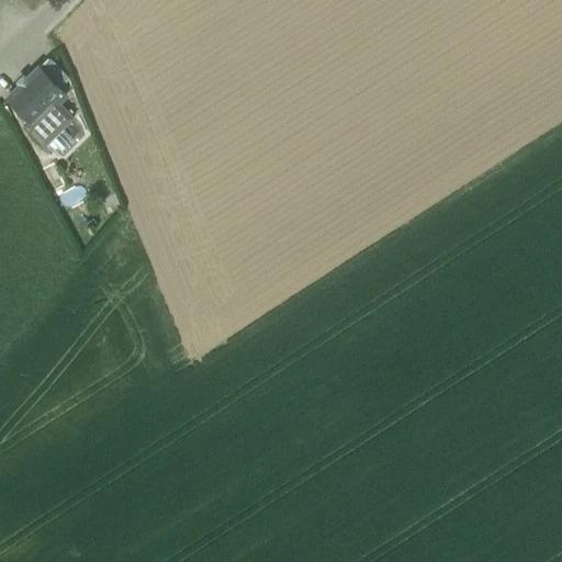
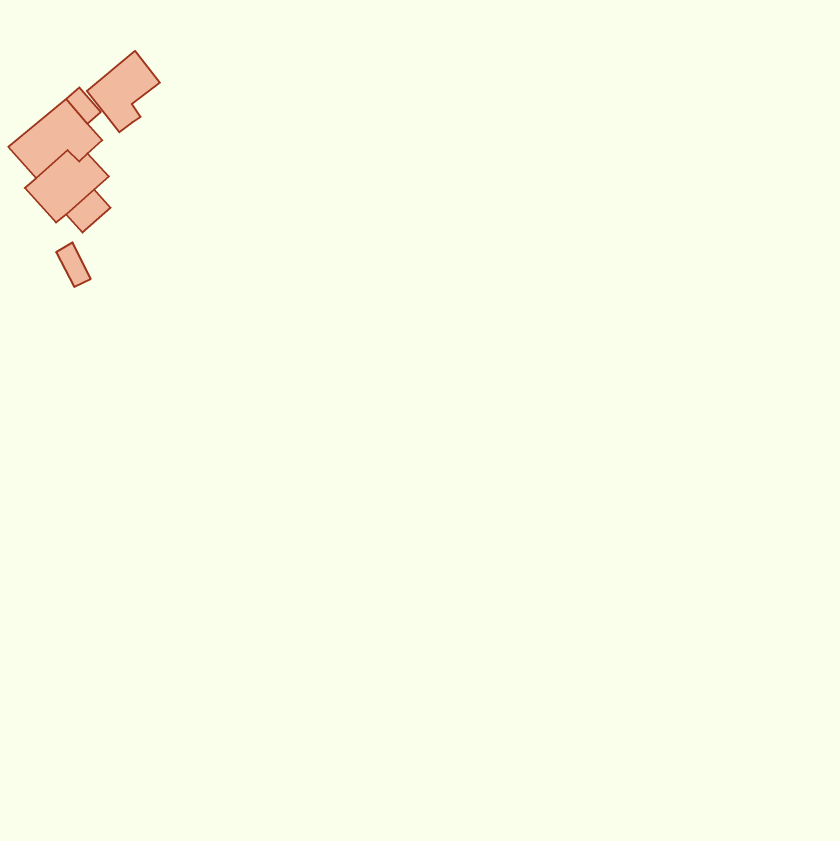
building: none -> [87,51,160,132]

